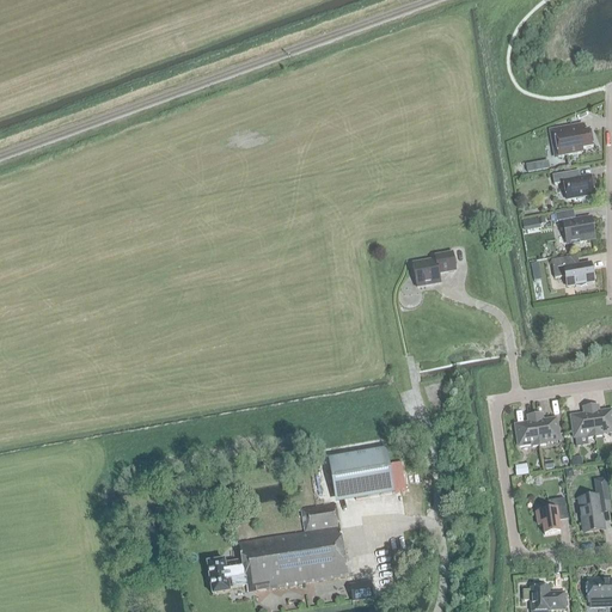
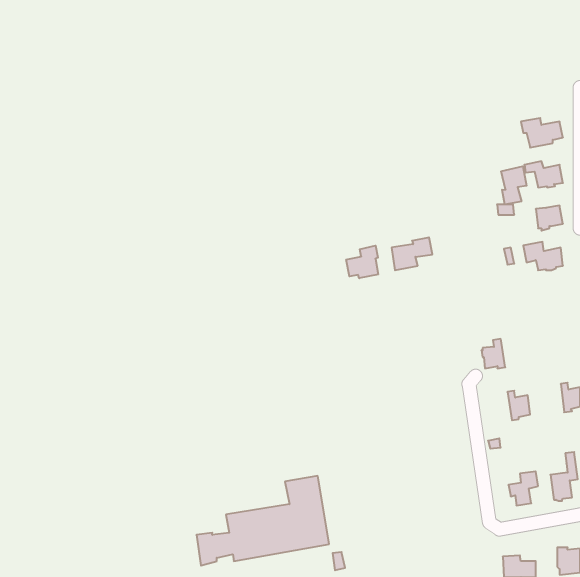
building: none -> [501,166,527,204]
building: none -> [346,246,378,278]
building: [570,404,594,435] -> none
building: [514,412,539,443] -> [481,339,505,368]
building: [328,446,394,497] -> none

